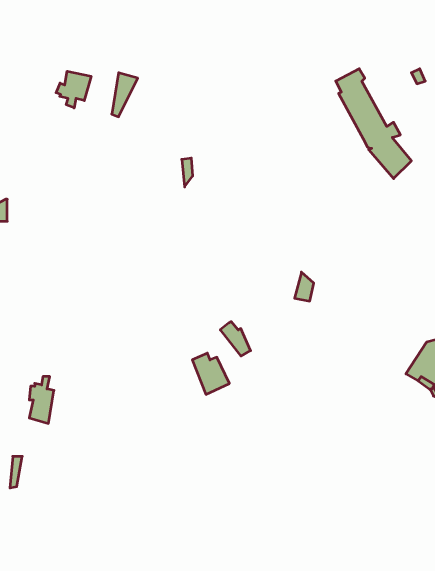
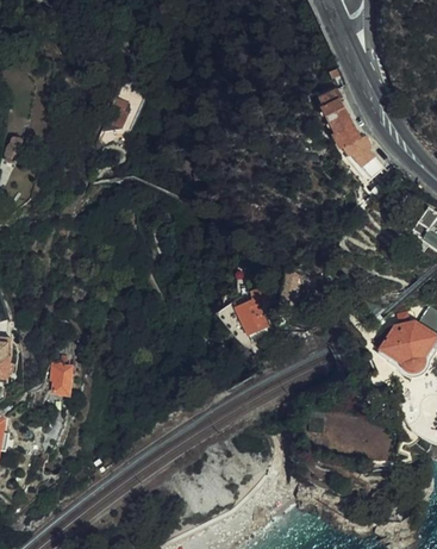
building: [56,71,91,108] -> none
building: [192,353,229,394] -> [236,299,268,335]

